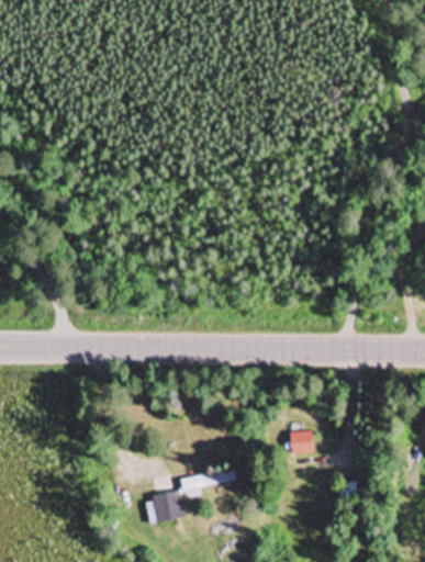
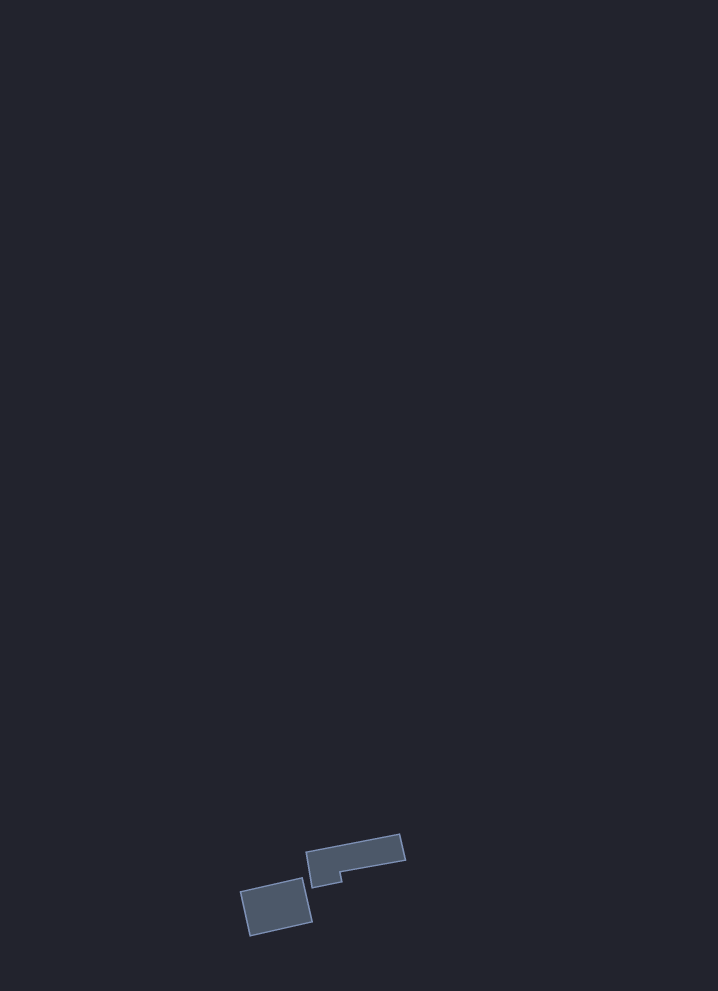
building: [292,431,314,453] -> none

